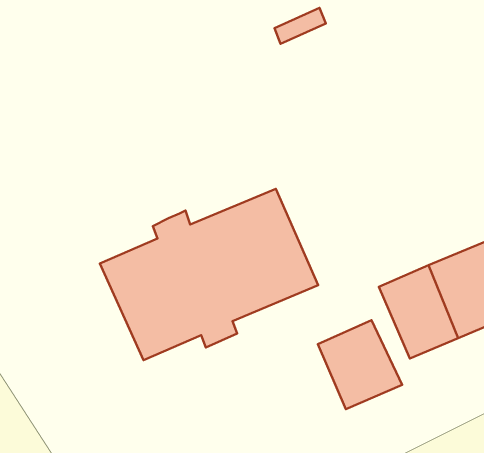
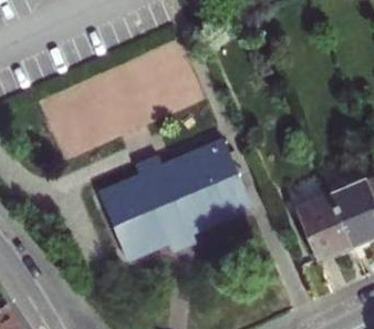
building: [318,320,402,409] -> none

